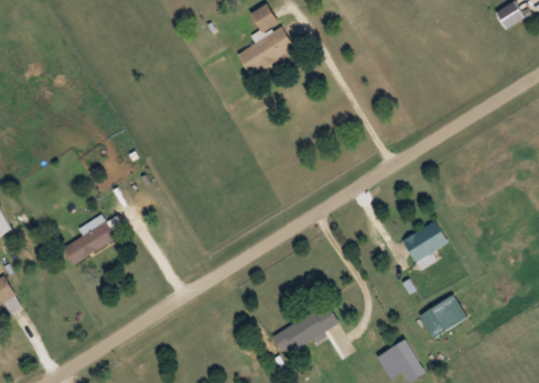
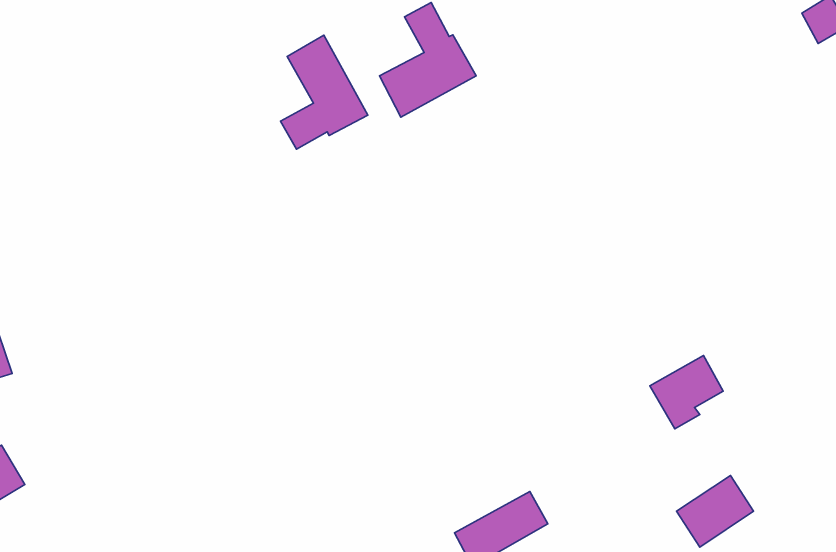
building: none -> [281,35,368,149]
building: [62,215,119,264] -> none

